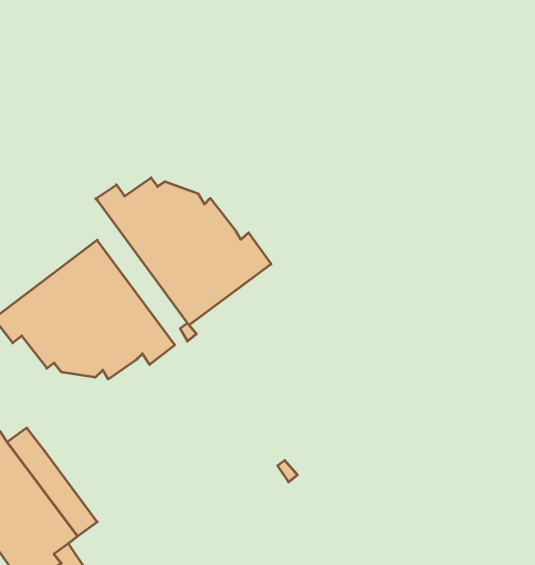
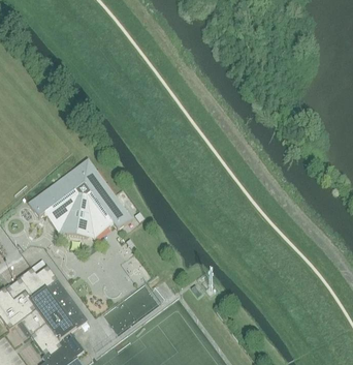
building: [96,178,271,325] -> none

